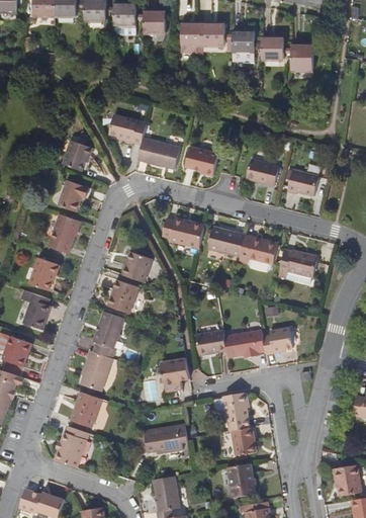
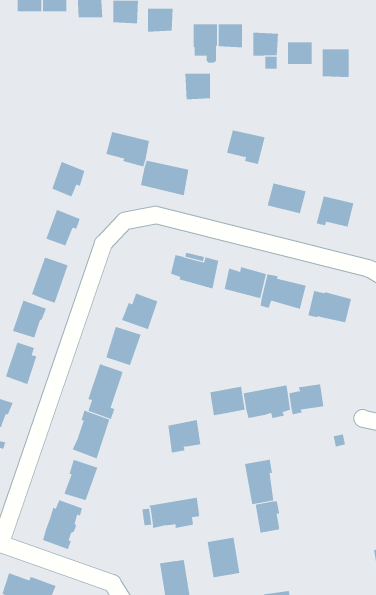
building: none -> [185,73,211,100]
building: [184,146,217,175] -> [226,130,266,165]
building: [228,463,257,498] -> [207,537,240,578]

